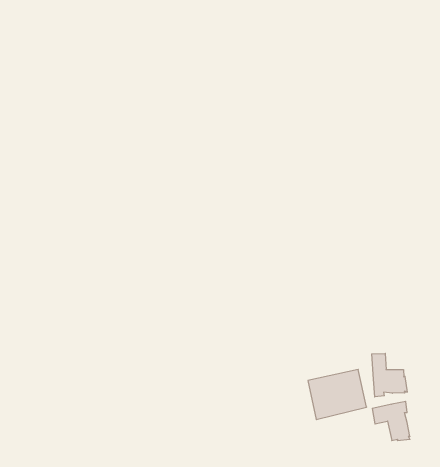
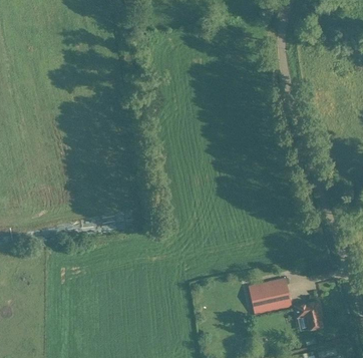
building: [372,353,407,397] -> none

